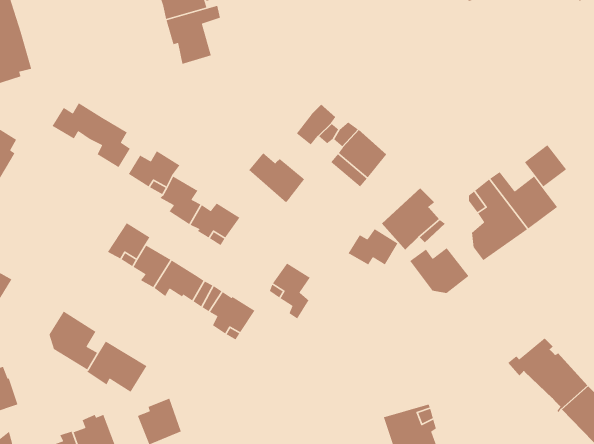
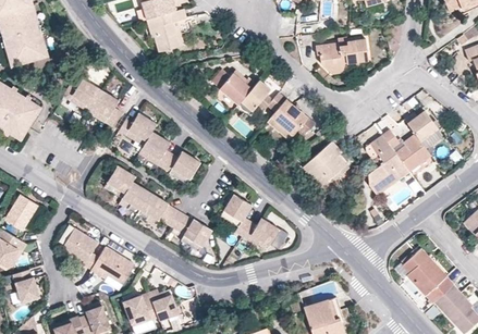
building: none -> [316,37,368,74]
building: [248,152,305,203] -> [210,69,252,106]
building: [348,228,399,266] -> [242,219,279,246]
building: [409,247,470,294] -> none
building: none -> [149,290,180,322]

